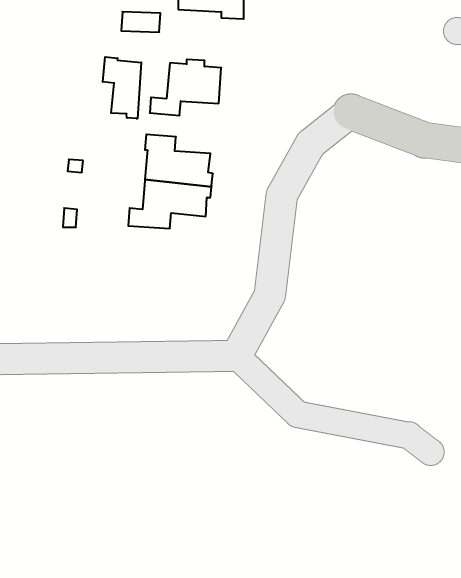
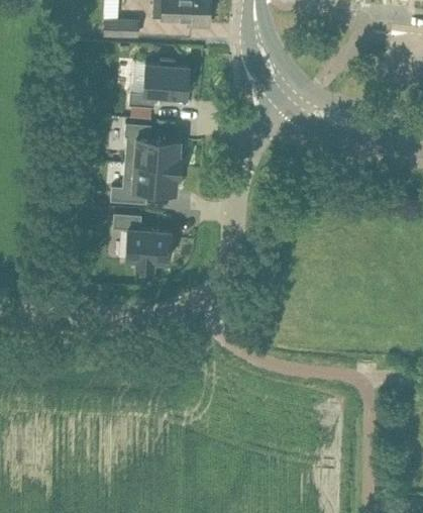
building: [103,57,141,119] -> none
building: none -> [113,214,172,269]

